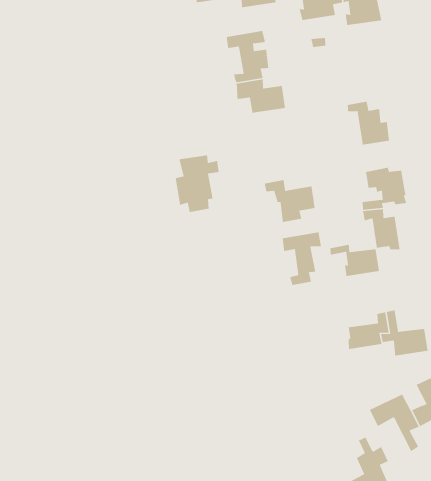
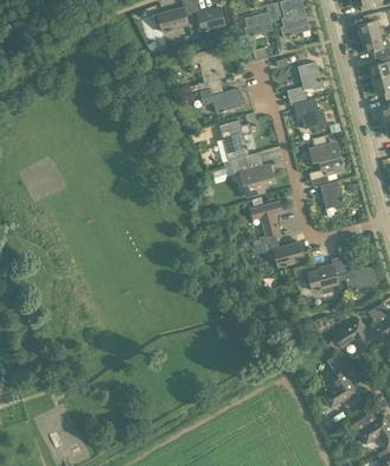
building: none -> [287,62,322,98]
building: [175,154,220,213] -> [217,120,251,167]
building: [329,244,380,277] -> [262,241,303,267]

